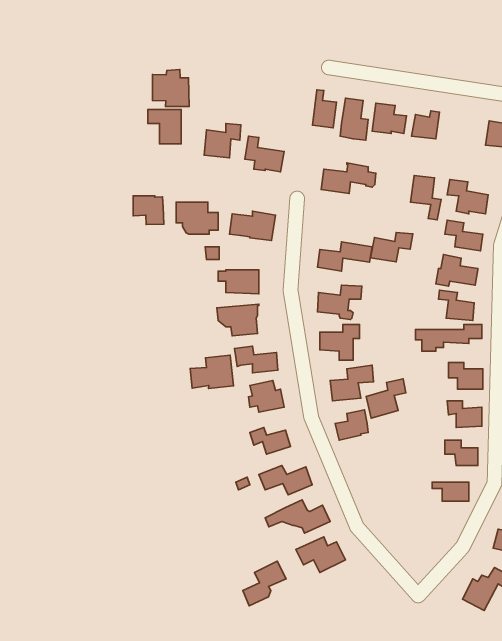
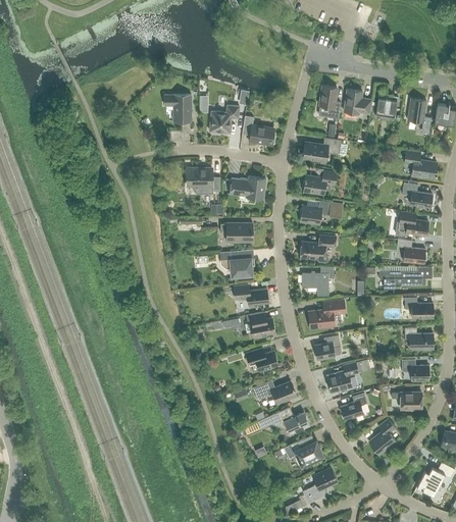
building: [152,69,189,107] -> none
building: [312,90,336,128] -> none
building: [410,175,441,220] -> [407,98,432,134]
building: [133,196,164,224] -> none
building: [371,233,413,262] -> [303,170,337,194]
building: [190,355,233,388] -> none
building: [366,379,406,418] -> [326,361,358,393]
building: none -> [341,393,367,419]
building: none -> [368,418,396,454]
building: [243,561,286,606] -> [303,467,338,503]

